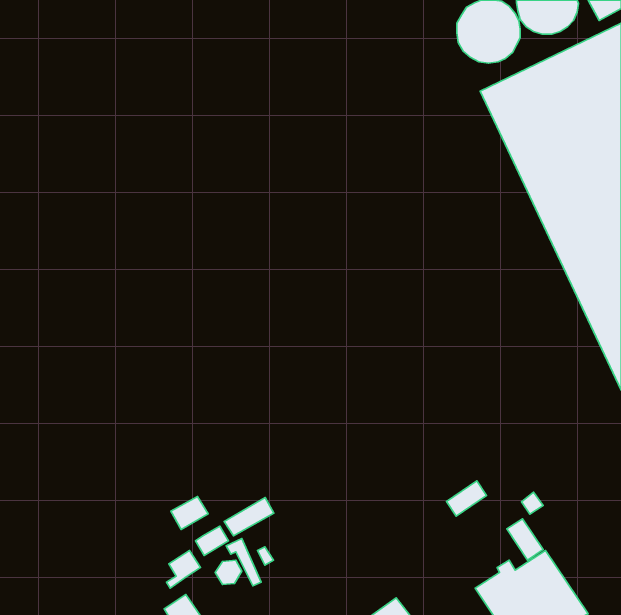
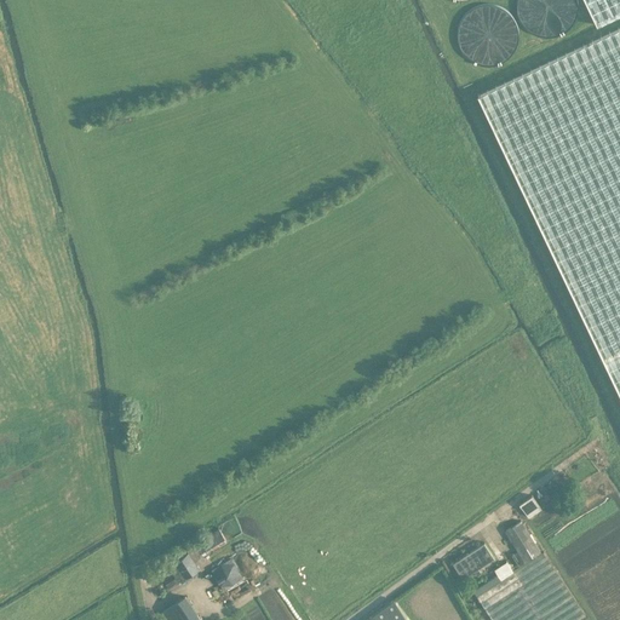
building: [447,481,487,516] -> [454,545,494,580]
building: [171,497,208,530] -> none
building: [224,497,274,536] -> none

